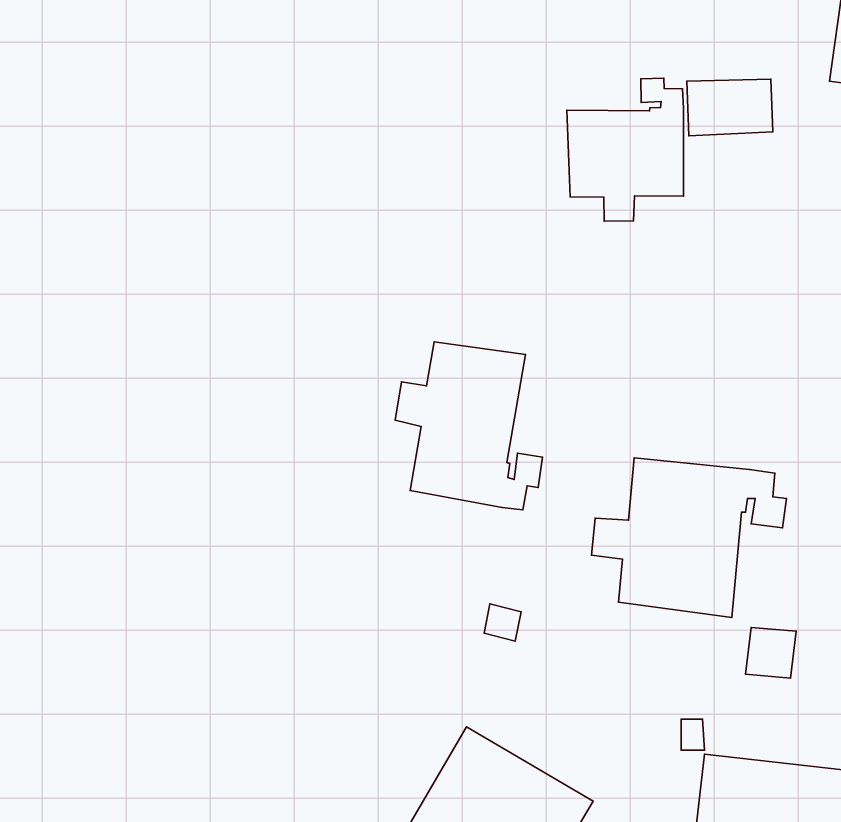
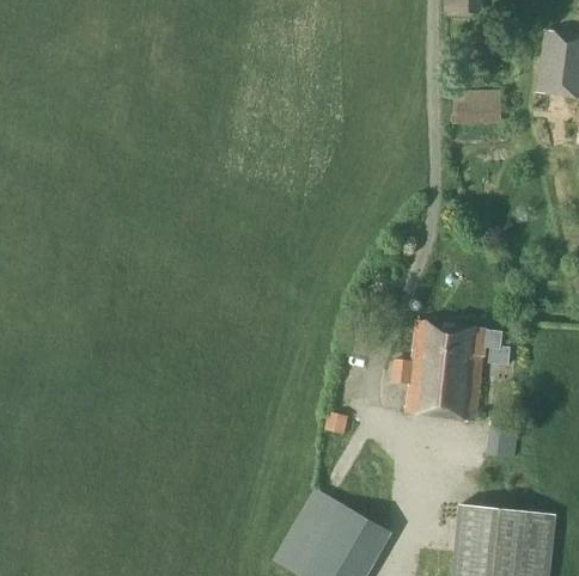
building: [567,78,684,221] -> none
building: [395,342,542,510] -> none

